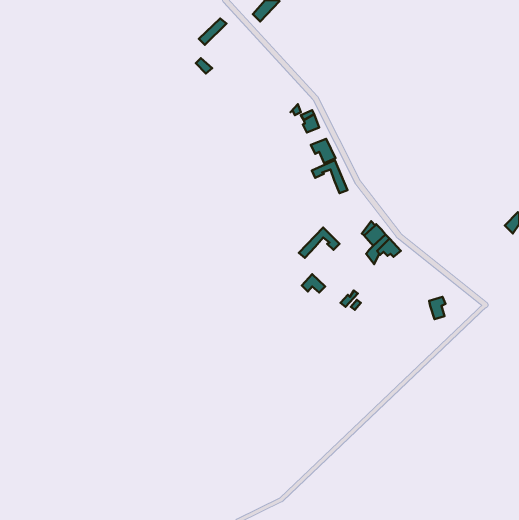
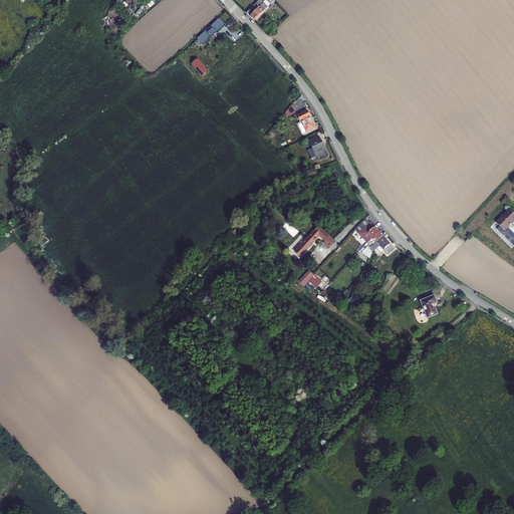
building: [312,160,348,193] -> none

